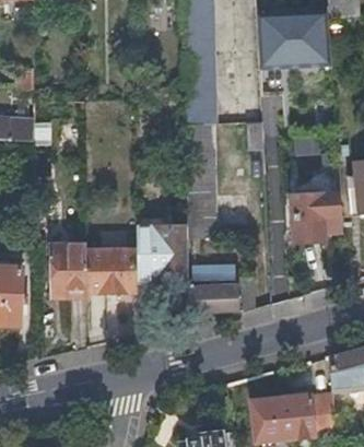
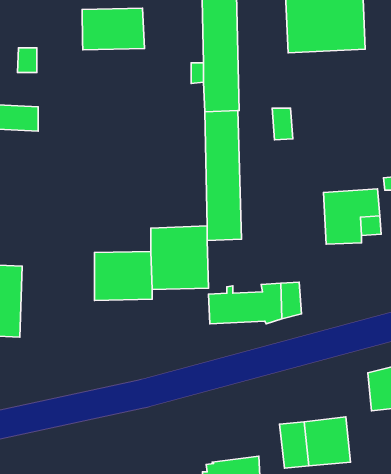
building: none -> [82,8,144,50]
building: [50,242,86,294] -> none
building: [309,392,336,435] -> none

